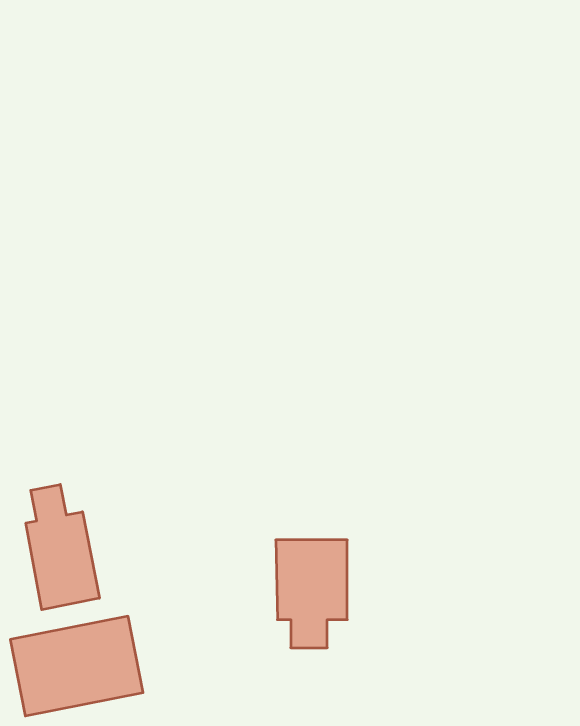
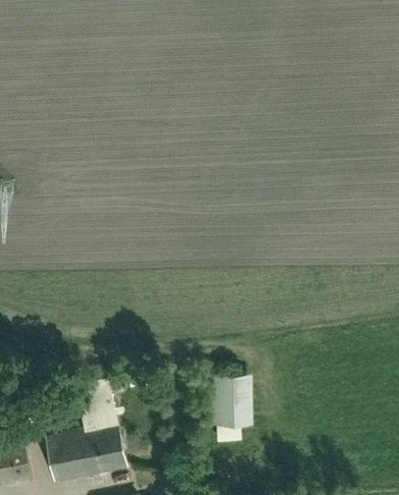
building: [26,484,99,610] -> none

